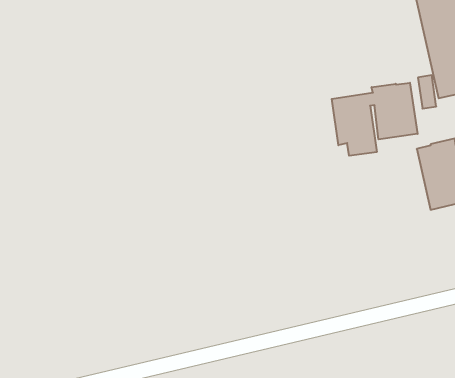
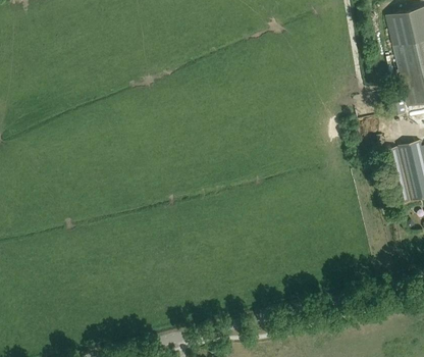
building: [332,83,418,156] -> none

